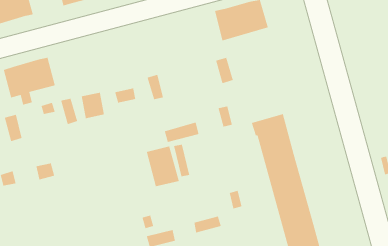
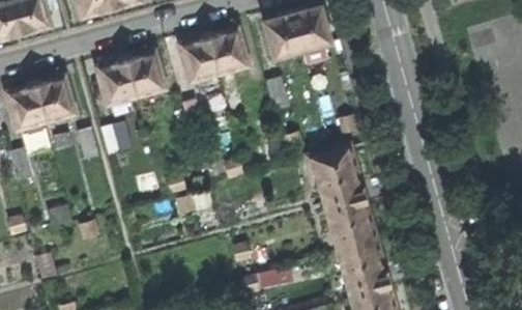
building: none -> [182,29,248,116]
building: none -> [99,52,165,102]

